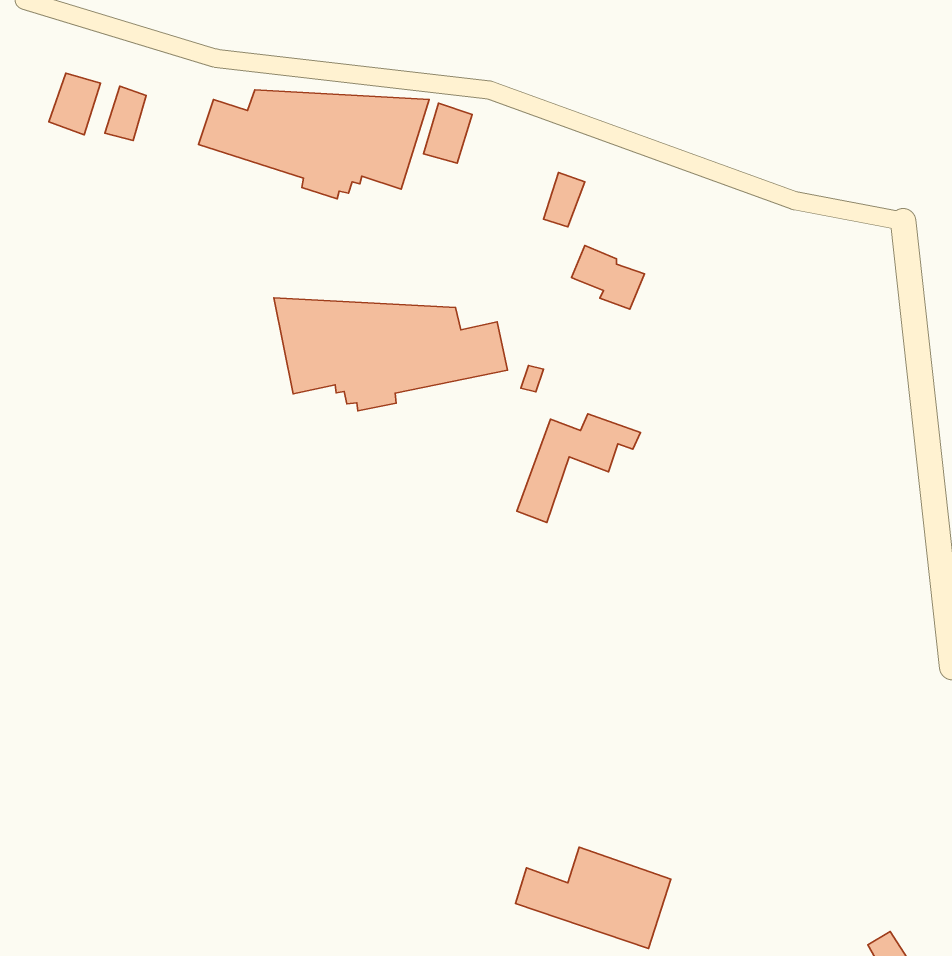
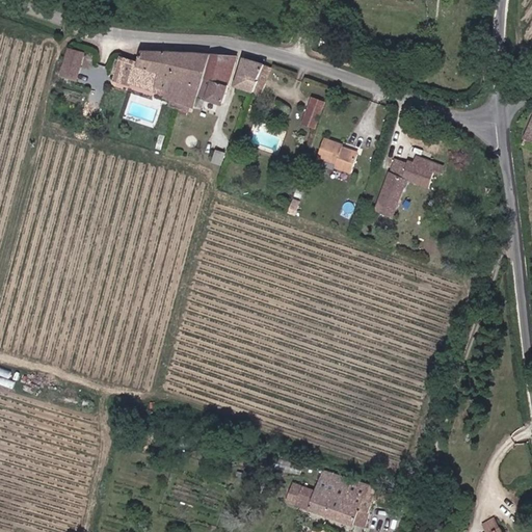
building: [49,73,101,135] -> none
building: [274,298,508,411] -> none
building: [517,414,640,522] -> [375,154,444,214]

